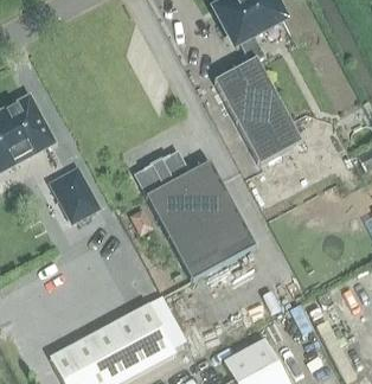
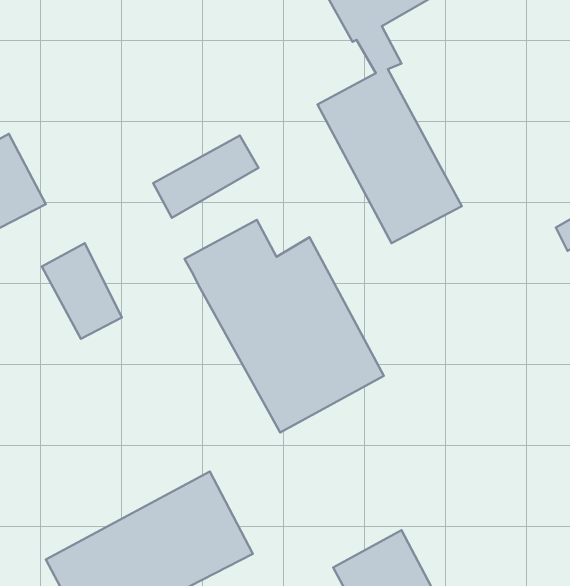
building: none -> [153,136,258,218]

